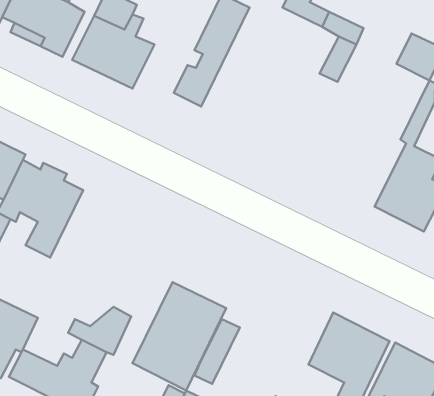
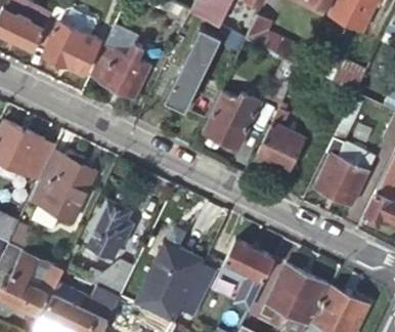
building: none -> [205,91,263,151]
building: none -> [256,103,306,174]
building: none -> [83,200,133,262]
building: none -> [222,242,274,313]

